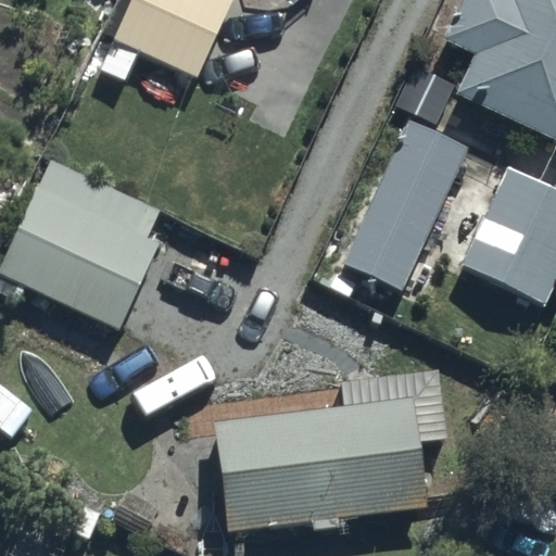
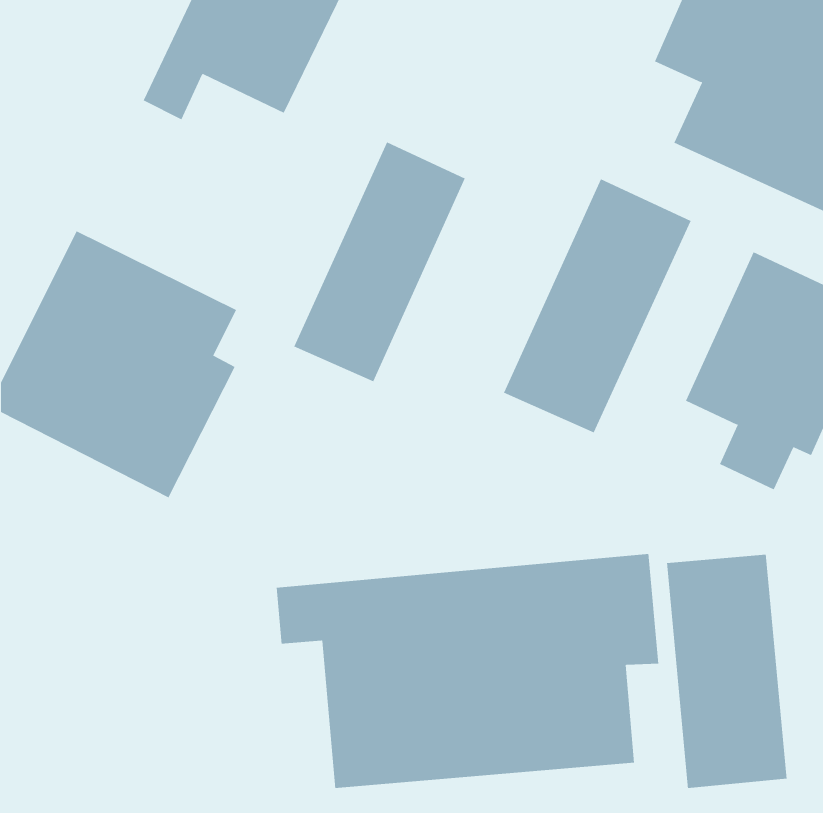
building: none -> [294,142,466,382]
building: none -> [667,554,787,789]

